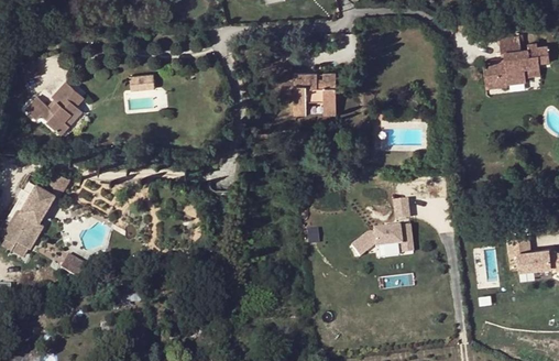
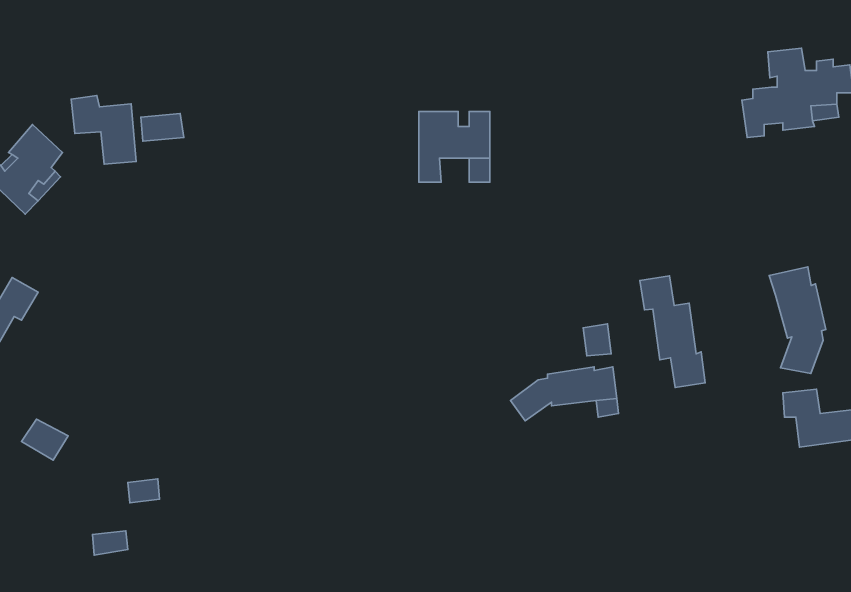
building: none -> [71,96,136,164]
building: none -> [769,267,826,374]
building: none -> [640,276,705,387]

